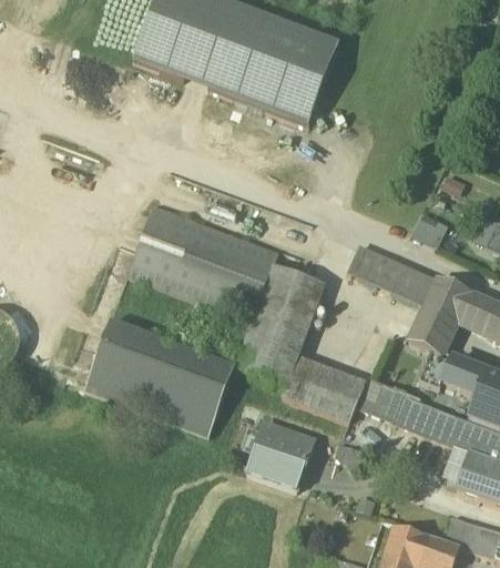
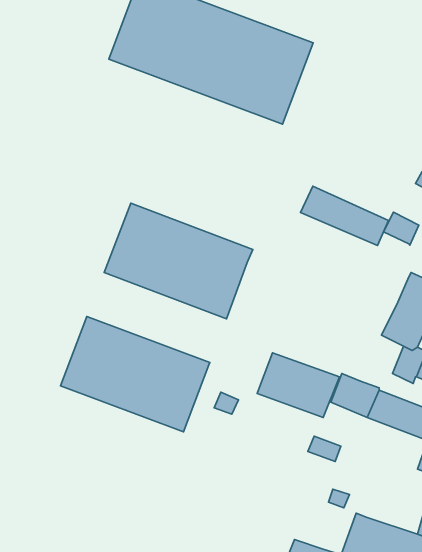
building: [347,245,436,305] -> [301,186,389,246]
building: [234,265,325,388] -> none
building: [247,422,315,489] -> none

